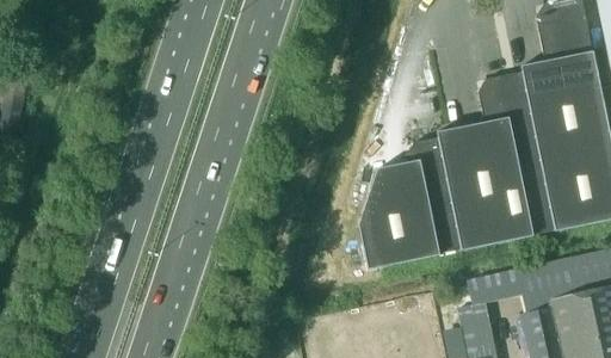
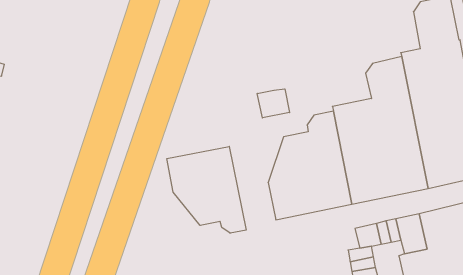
building: none -> [257,89,290,118]
building: none -> [167,146,246,233]

